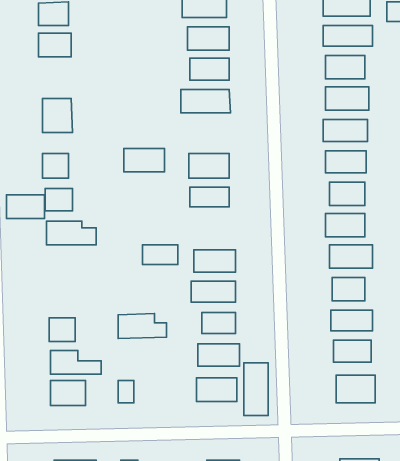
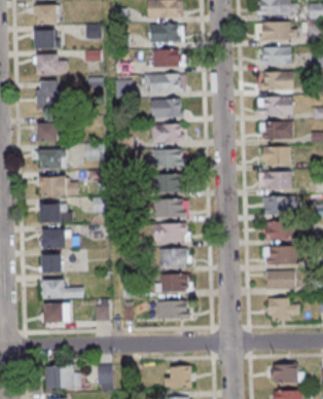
building: none -> [34,55,65,74]
building: [124,148,164,172] -> [150,100,182,118]
building: [7,195,44,218] -> [39,205,69,223]
building: [143,245,178,264] -> [158,178,186,193]
building: [118,314,166,338] -> [40,229,78,249]
building: [244,363,268,416] -> none

